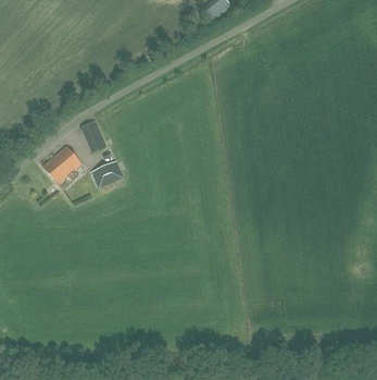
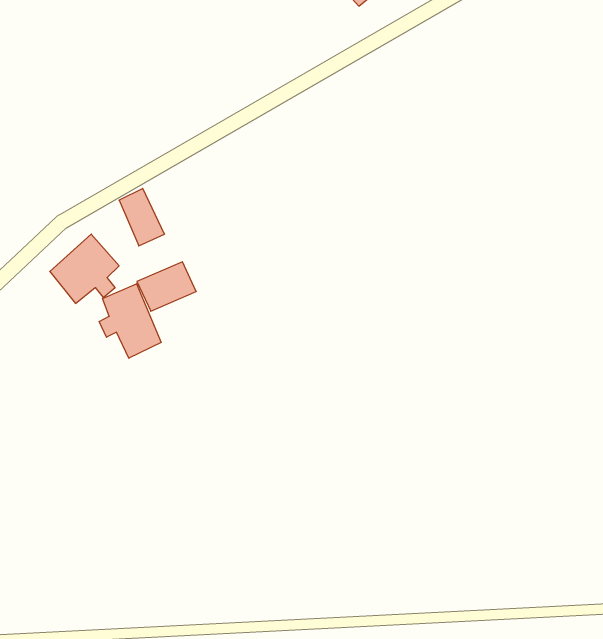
building: none -> [99,284,161,358]

